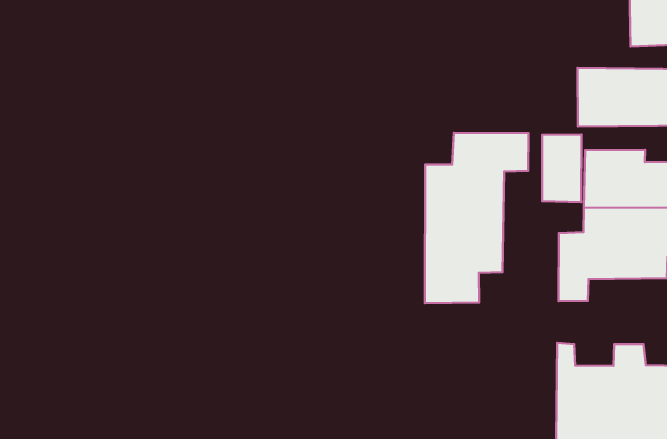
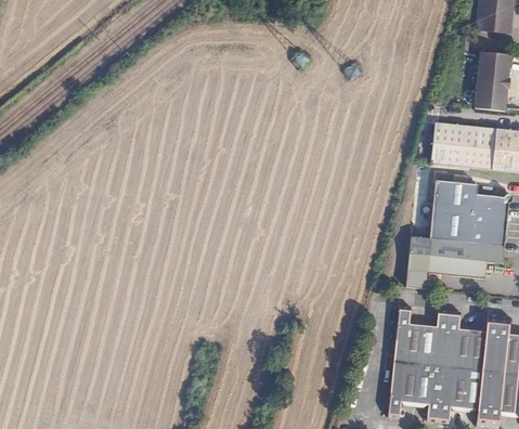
building: [425,133,528,303] -> none
building: [542,134,581,202] -> none

